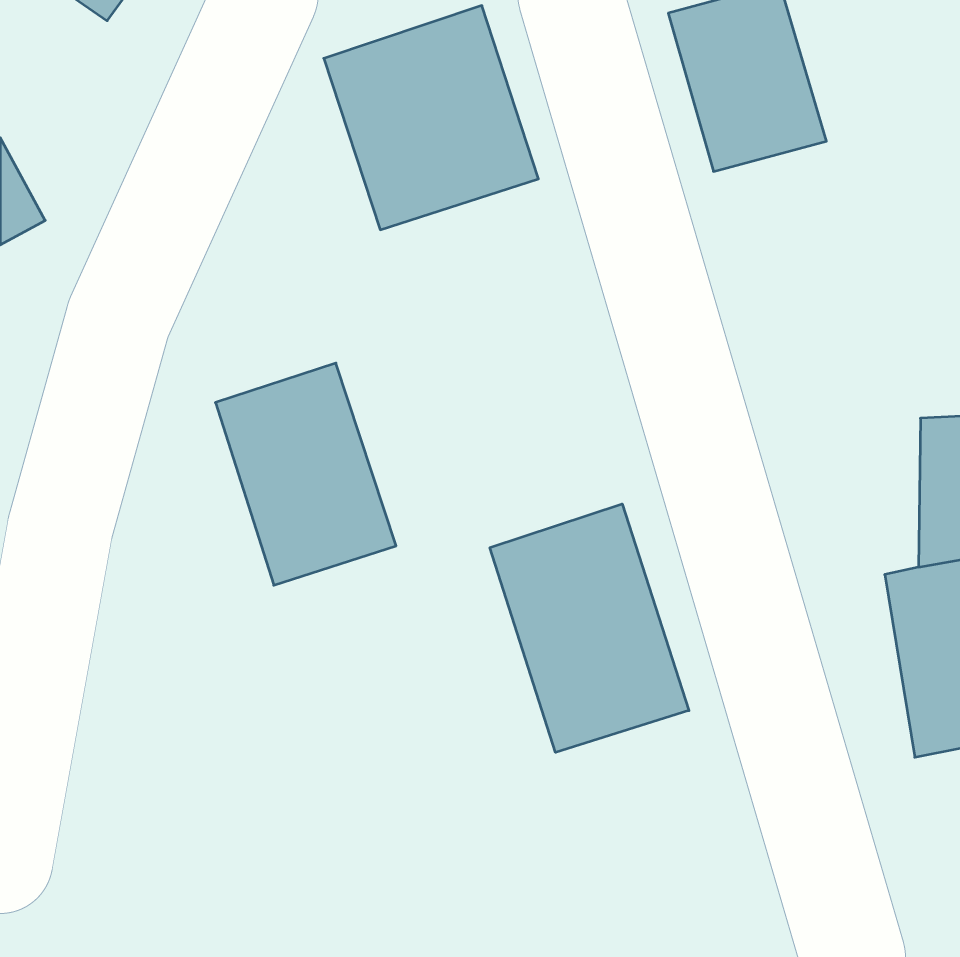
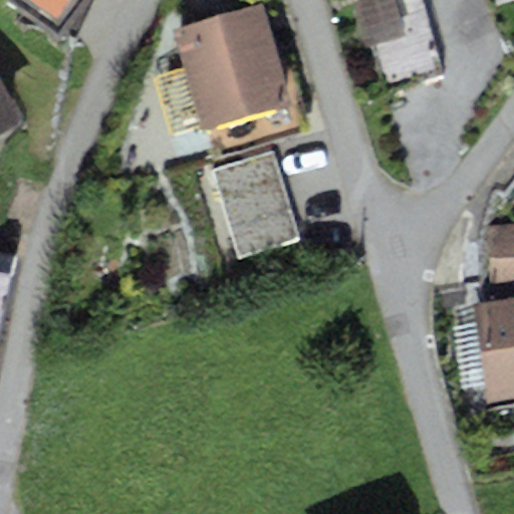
building: [215,363,396,585] -> [208,145,304,263]
building: [490,504,689,752] -> none

